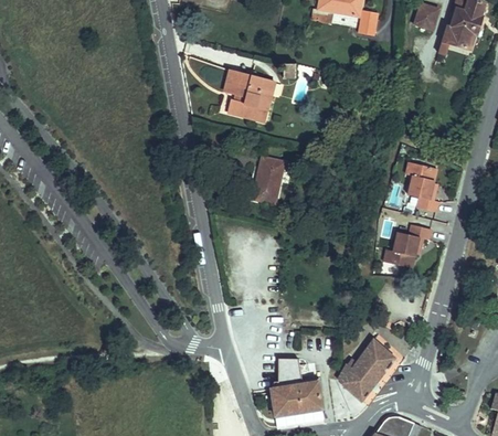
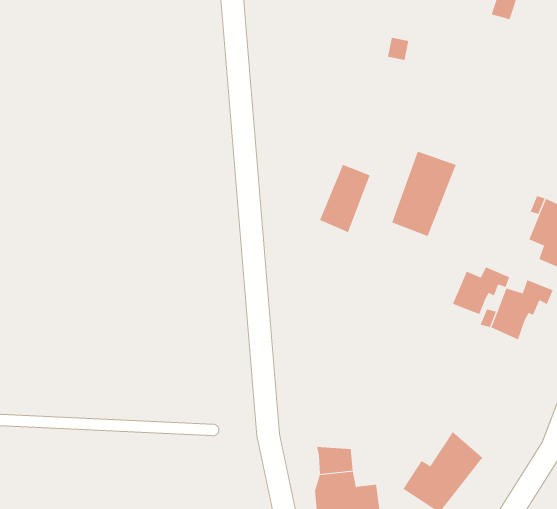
building: [230,65,276,116] -> none
building: none -> [392,151,457,237]
building: none -> [452,267,510,315]

